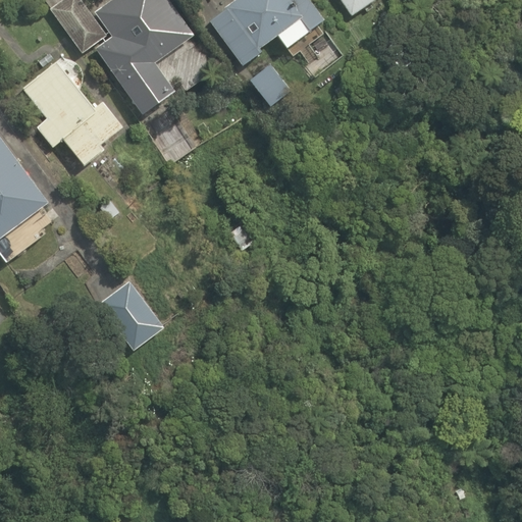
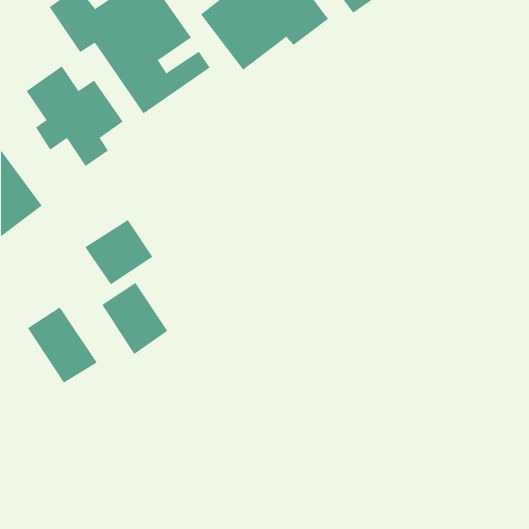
building: none -> [85,219,153,285]
building: none -> [27,306,98,384]

